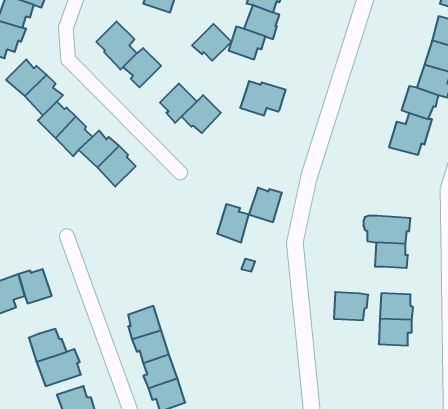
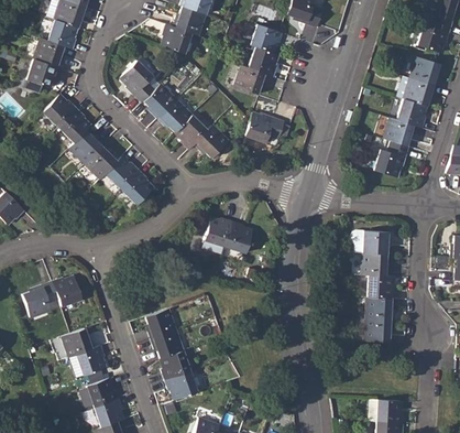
building: [192,24,231,61] -> [157,99,191,131]
building: [249,188,282,222] -> [204,215,232,245]
building: [334,292,368,320] -> [366,273,396,297]

